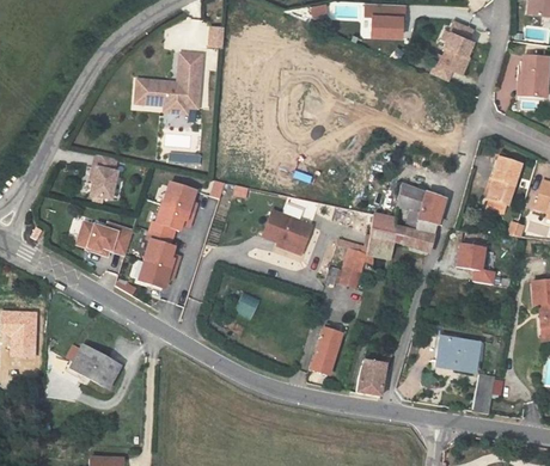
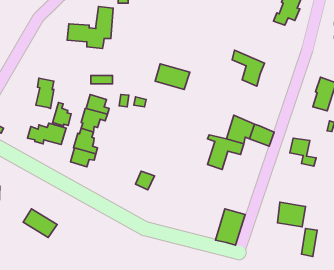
building: [398,183,445,235] -> [232,50,264,86]
building: none -> [52,102,71,126]
building: [262,211,312,249] -> [155,64,190,89]
building: [310,329,341,375] -> none

